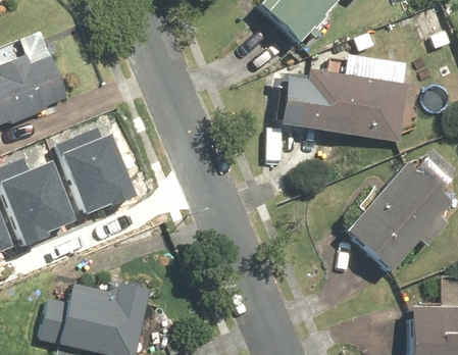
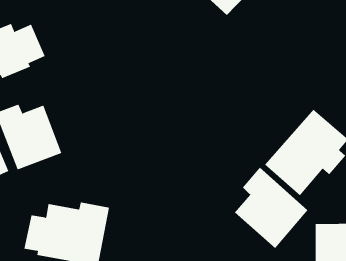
building: [275,66,407,141] -> none
building: [67,125,145,210] -> none
building: none -> [234,167,308,249]

